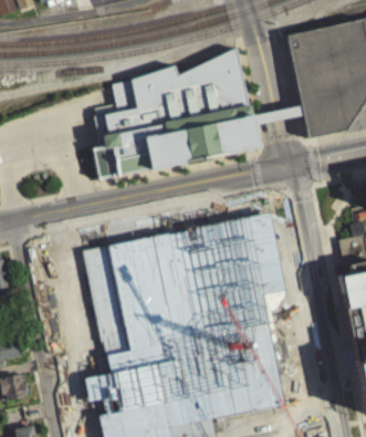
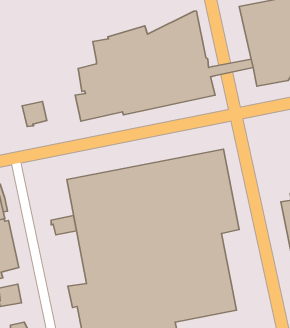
building: none -> [22,102,47,127]
building: none -> [51,215,76,235]

